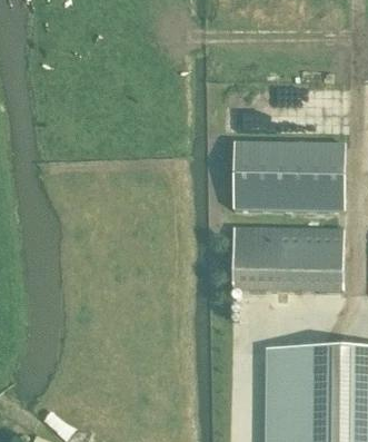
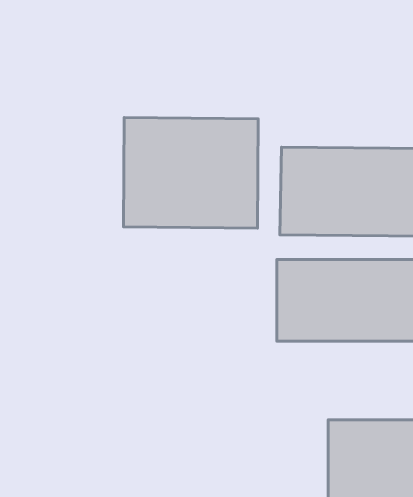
building: none -> [123,117,258,228]

